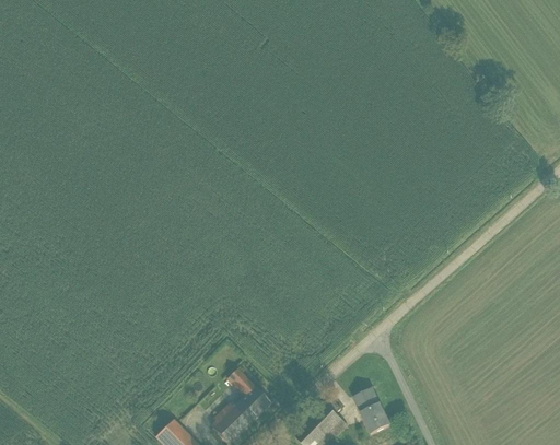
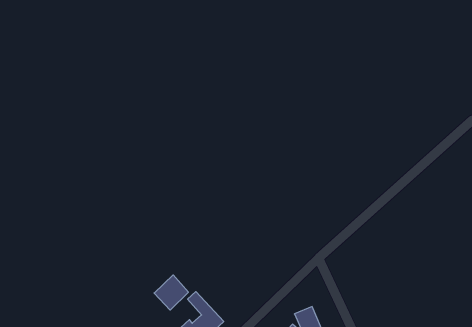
building: none -> [154,275,188,310]

